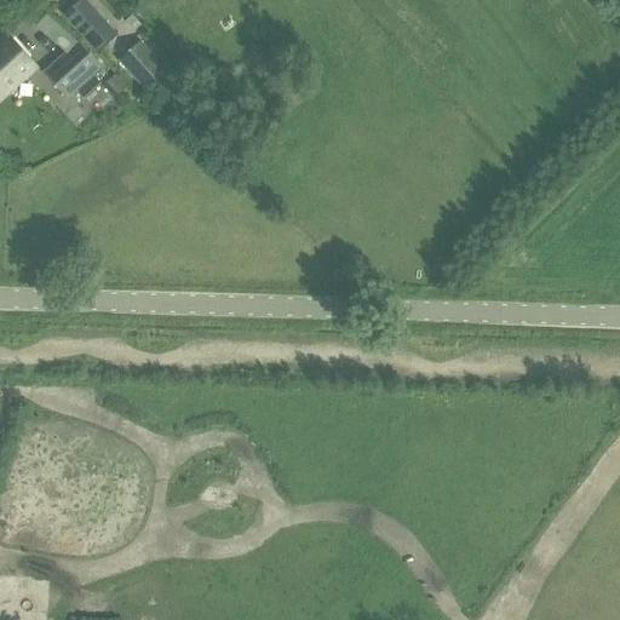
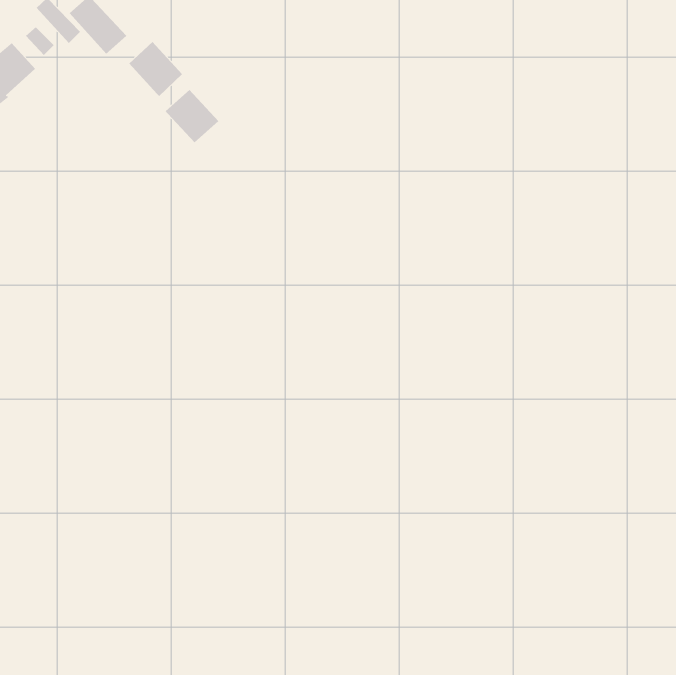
building: [41,38,102,97] -> none
building: none -> [165,89,219,143]

